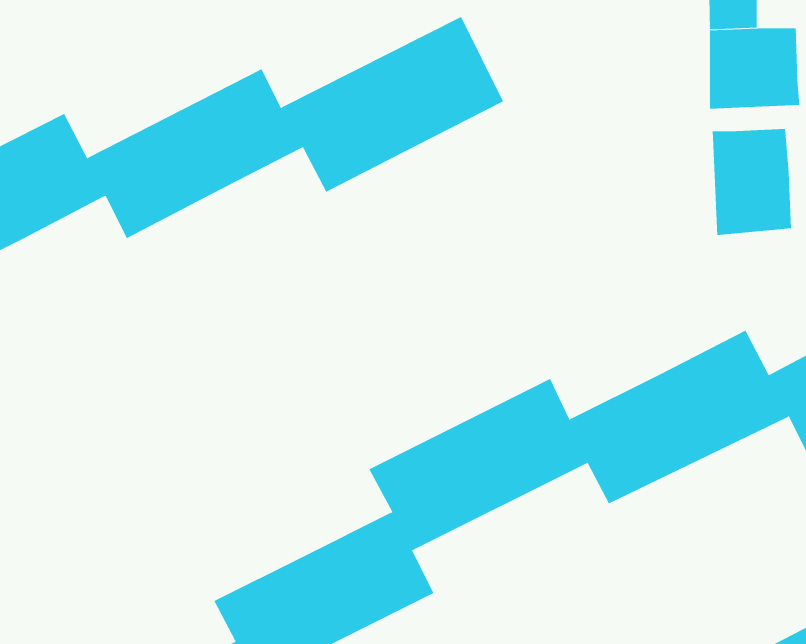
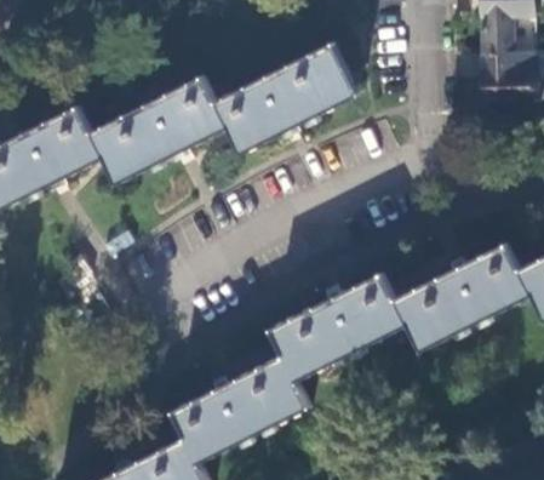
building: [712,128,792,236] -> none

